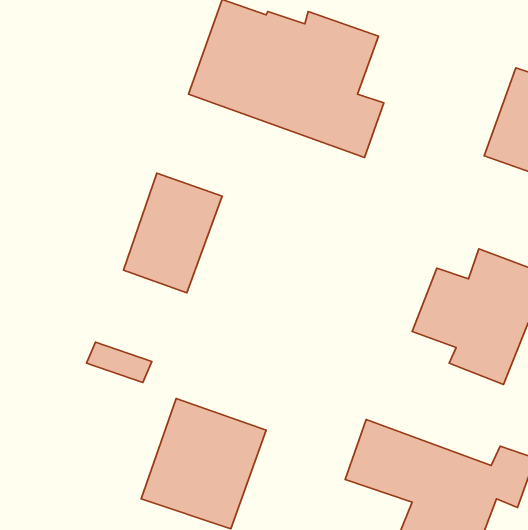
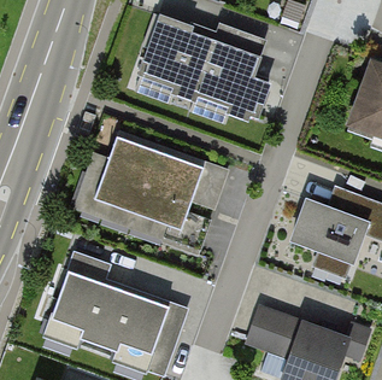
building: none -> [136,150,204,232]
building: none -> [45,268,129,357]

